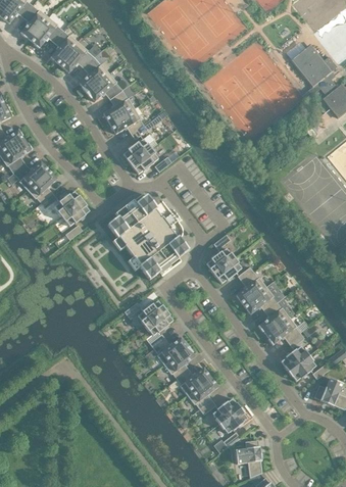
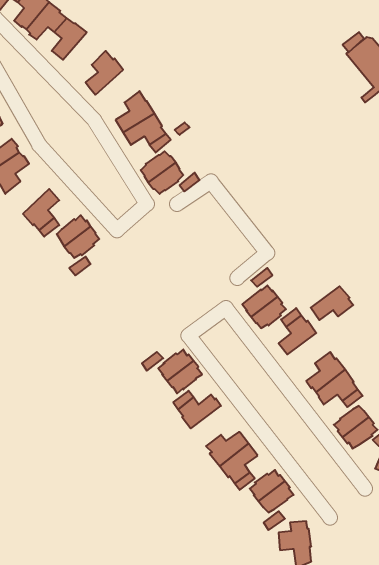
building: [59,42,94,72] -> none
building: [86,72,121,101] -> none
building: [12,160,48,190] -> none
building: [106,194,188,280] -> none
building: [242,287,277,314] -> [311,286,353,320]
building: [163,346,195,379] -> none

